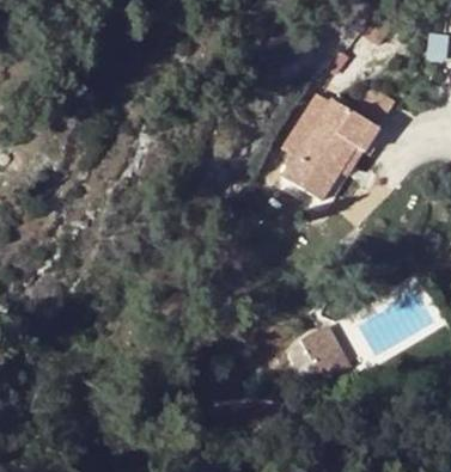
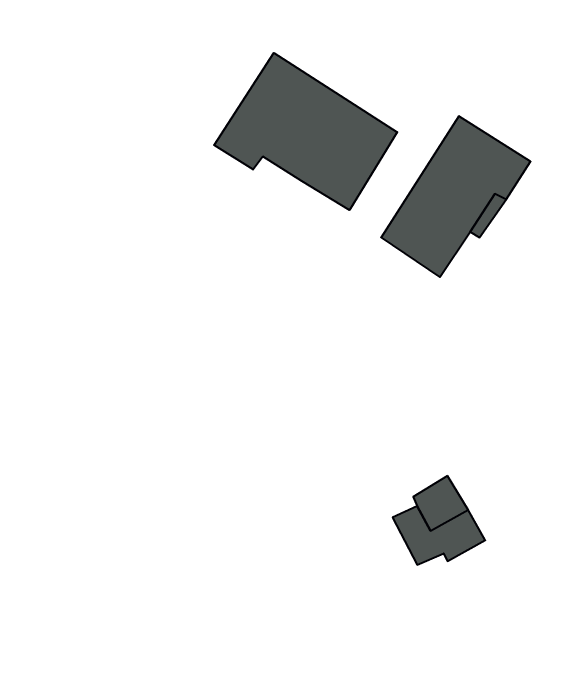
building: none -> [214,53,397,210]

